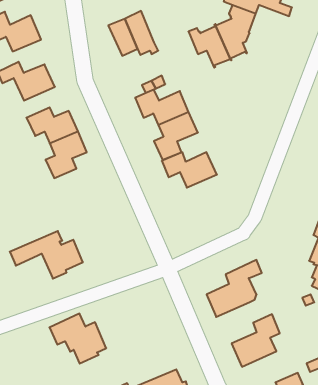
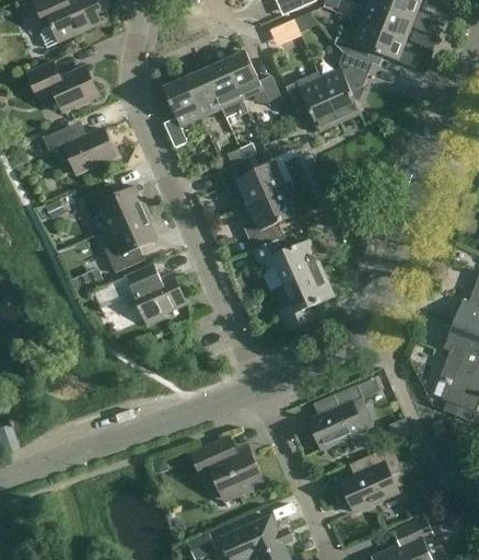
building: none -> [225,51,282,106]
building: none -> [163,79,201,148]
building: none -> [278,268,334,330]
building: [10,231,83,279] -> [92,264,185,324]
building: [49,314,106,364] -> [190,436,262,500]

